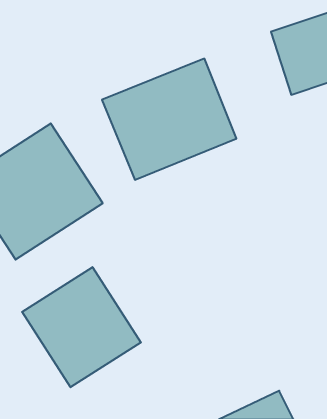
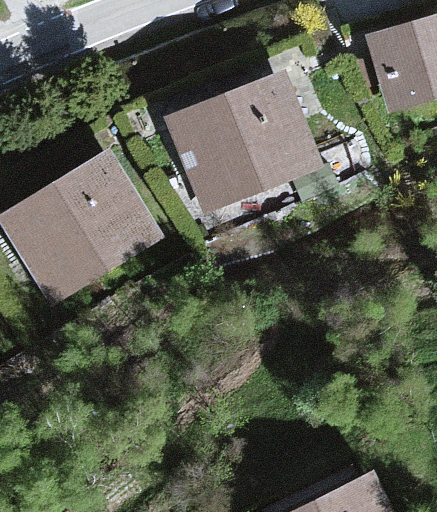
building: [22,267,141,387] -> none

